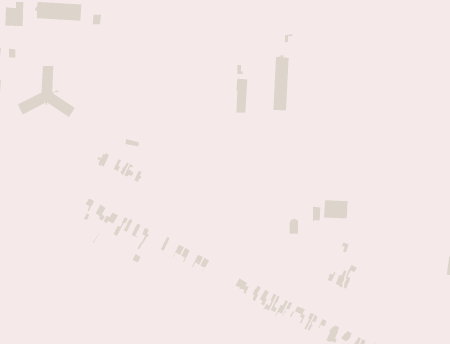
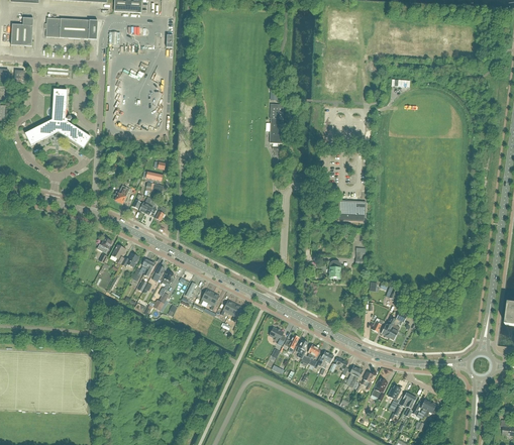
building: [273,54,289,111] -> none
building: [323,200,348,219] -> [337,200,366,221]

